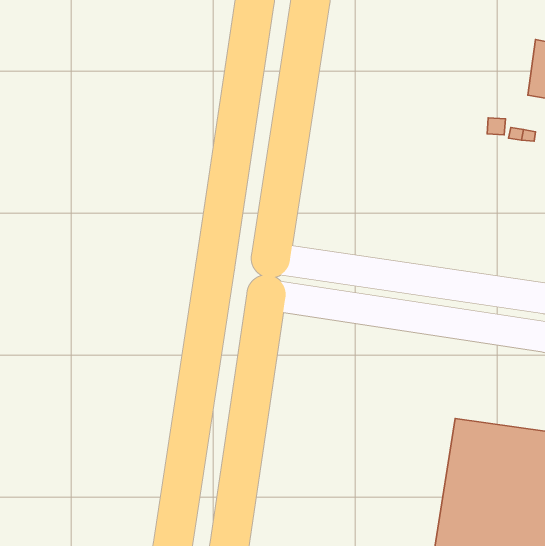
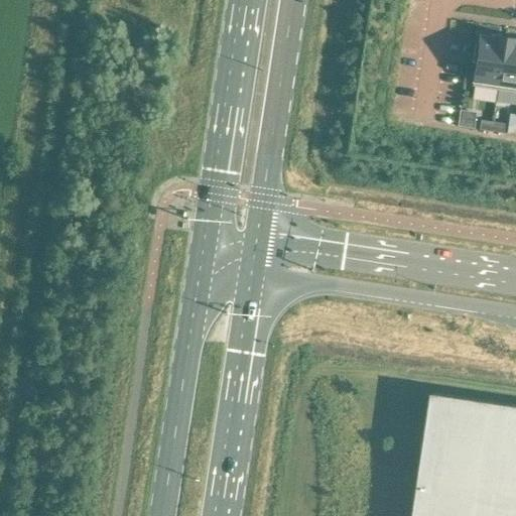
building: none -> [475,37,506,91]

